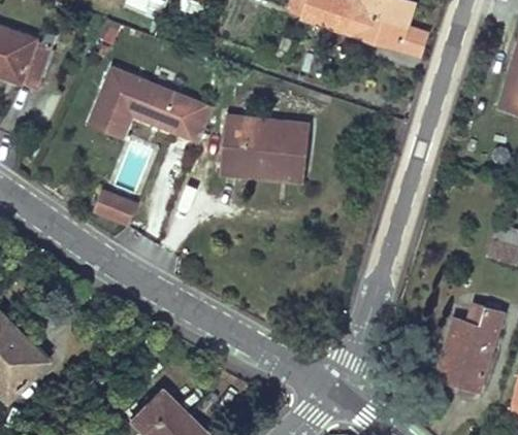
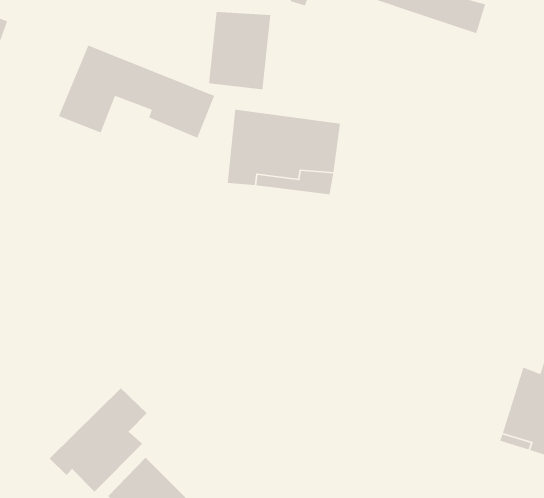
building: none -> [208,11,271,90]
building: [95,187,139,222] -> none
building: none -> [49,387,148,492]

